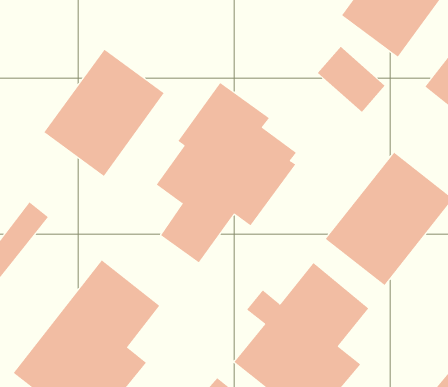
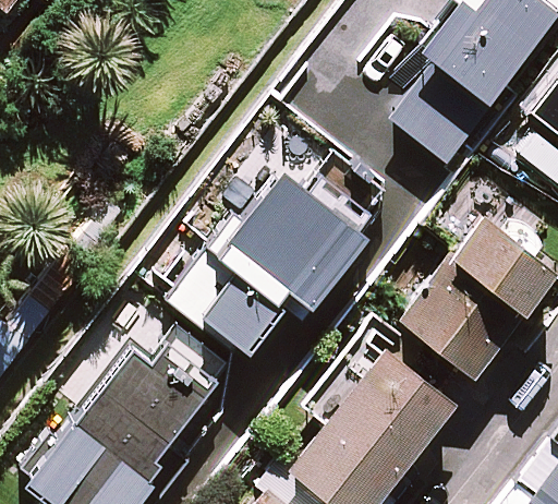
building: [43,49,165,177] -> none

